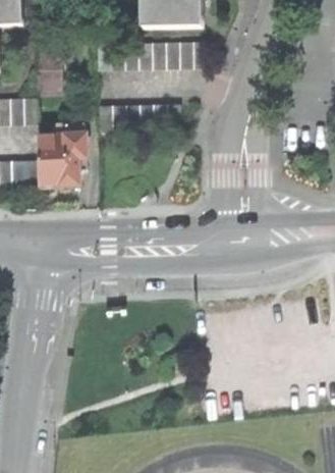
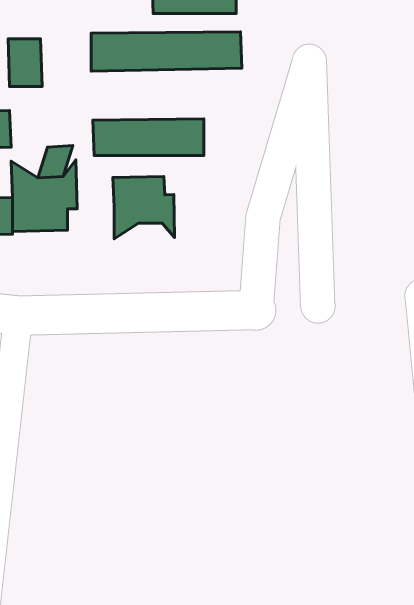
building: none -> [113,177,174,239]

